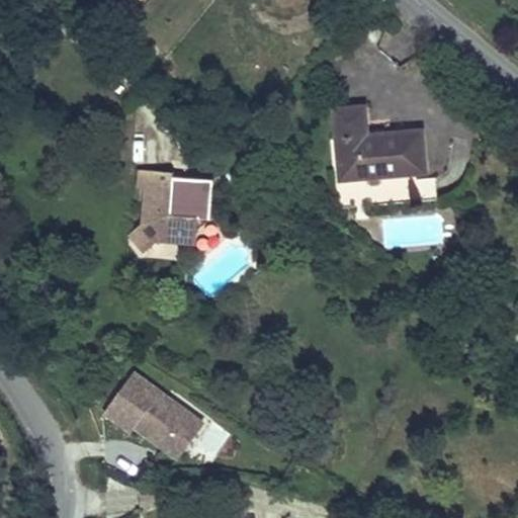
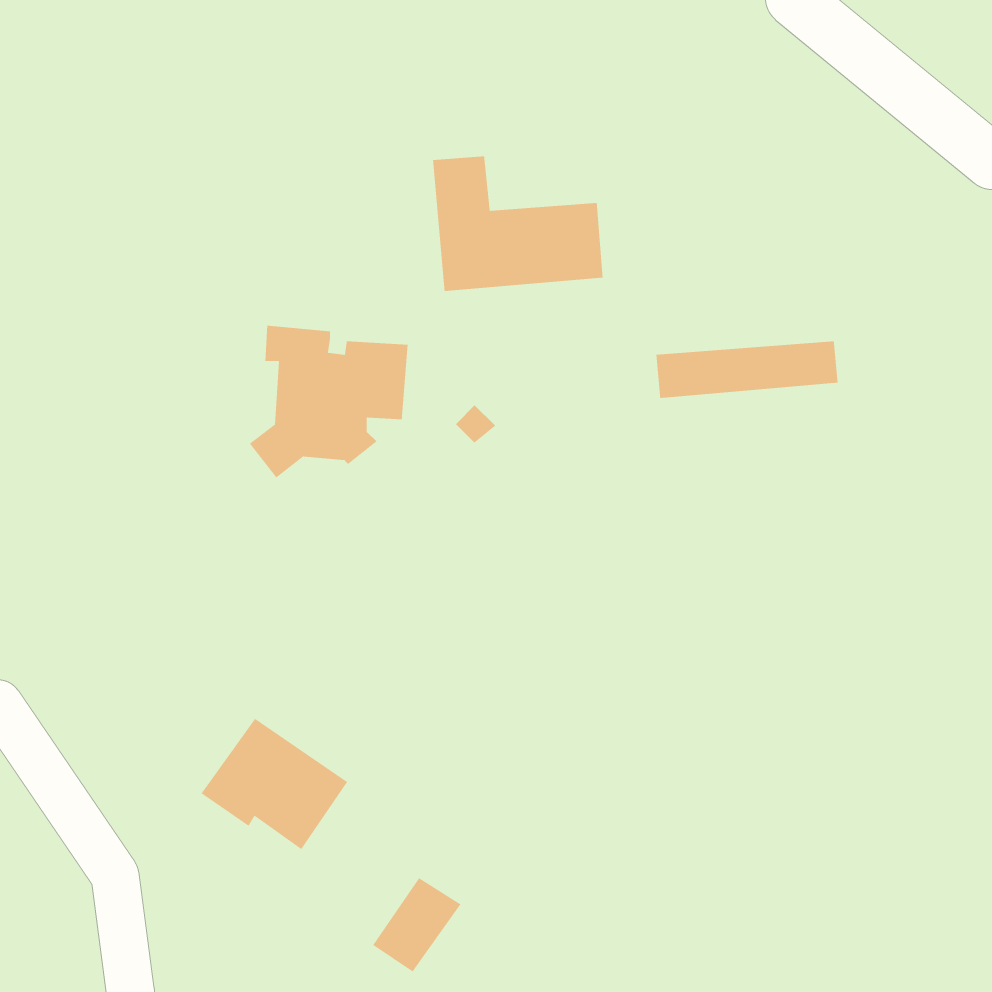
building: [335,107,424,178] -> [432,156,603,292]
building: [157,407,203,456] -> [372,877,462,972]

